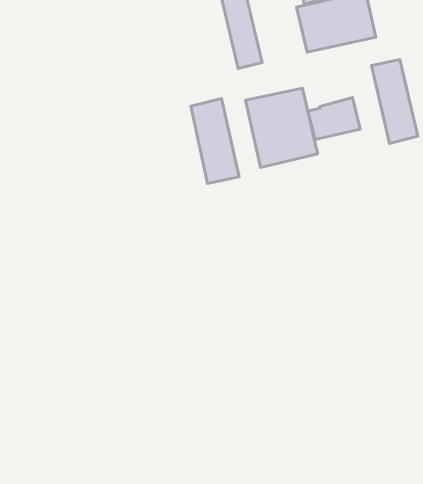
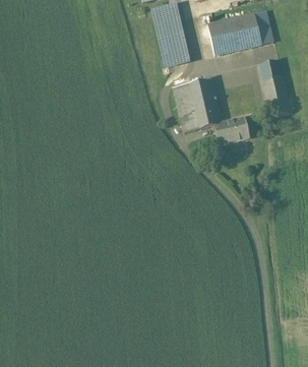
building: [308,98,360,140] -> [213,116,249,144]
building: [191,98,239,183] -> none

